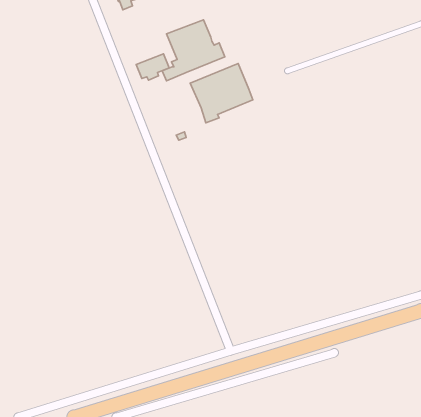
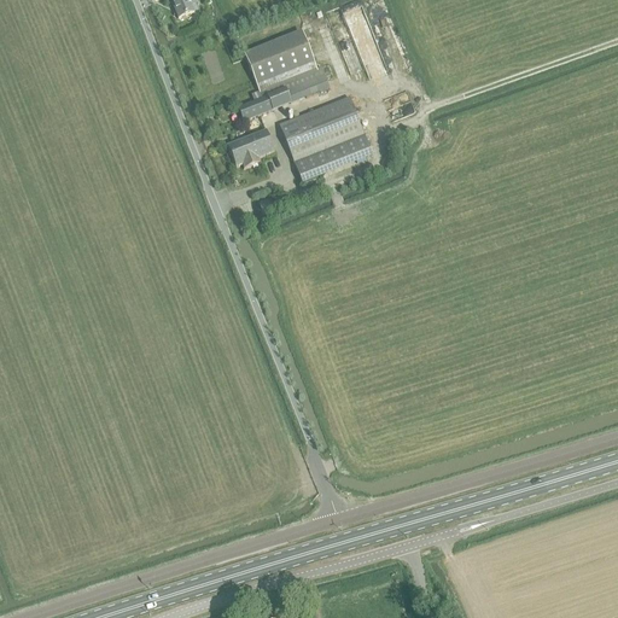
building: [136,54,169,80] -> [227,127,275,165]

